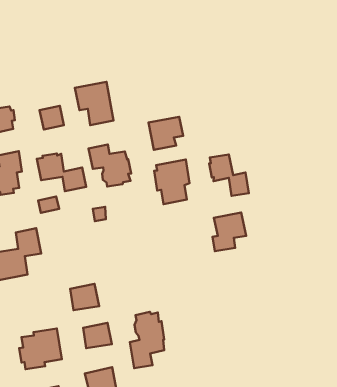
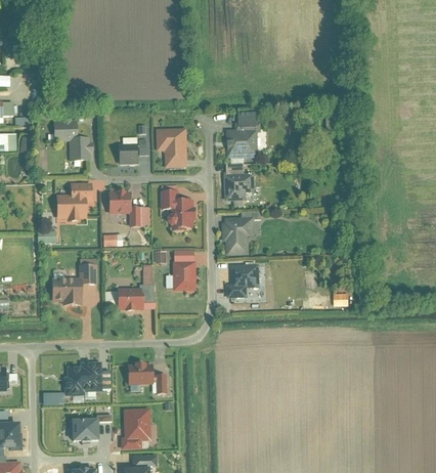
building: none -> [225,122,260,159]
building: [209,154,249,196] -> none
building: [213,212,246,251] -> [225,264,258,298]
building: none -> [173,261,197,292]
building: [70,284,99,310] -> [118,288,143,310]
building: [130,312,164,368] -> none

